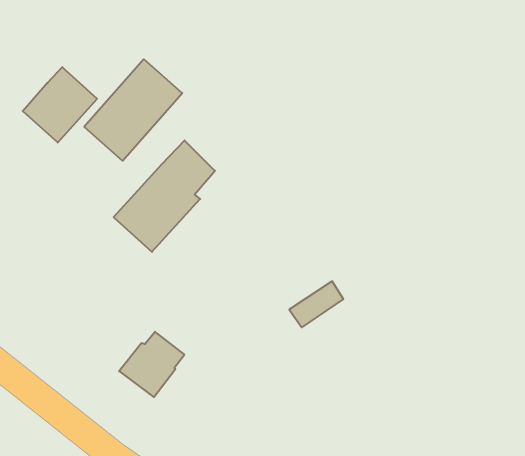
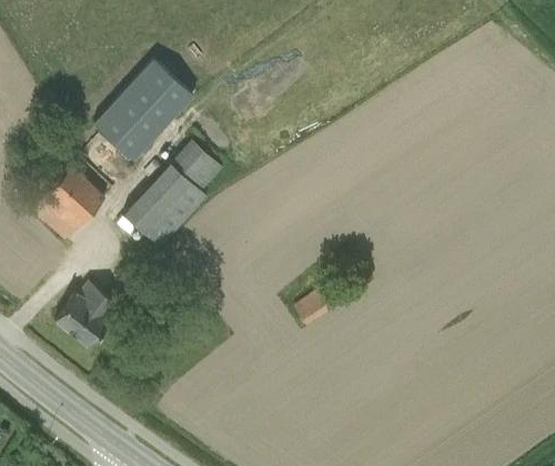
building: [23,67,97,143] -> [32,166,105,241]
building: [119,332,184,397] -> [54,283,119,347]

